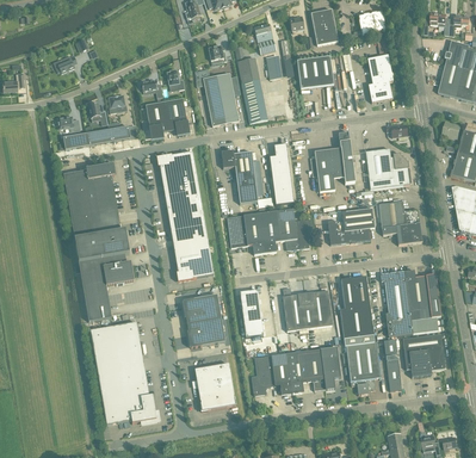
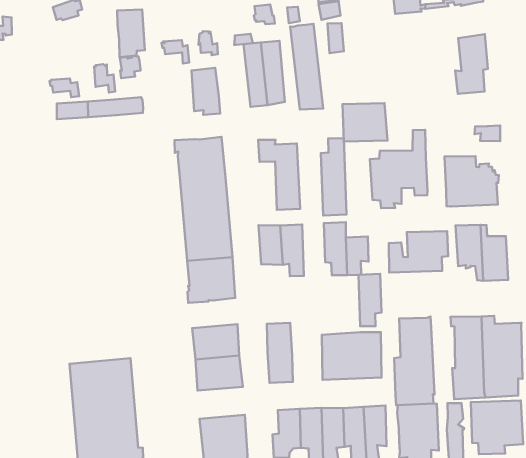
building: [297,56,334,88] -> [343,103,387,141]
building: [146,101,169,140] -> [117,9,145,57]
building: [63,163,134,321] -> none
building: [260,210,280,252] -> [358,274,381,326]

